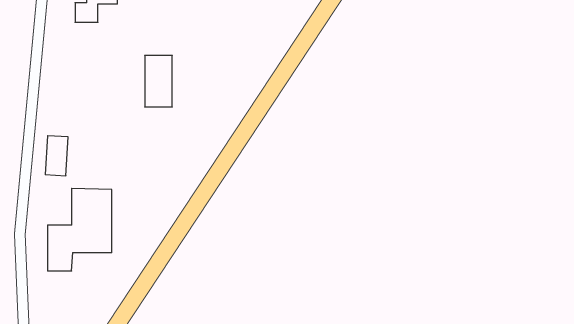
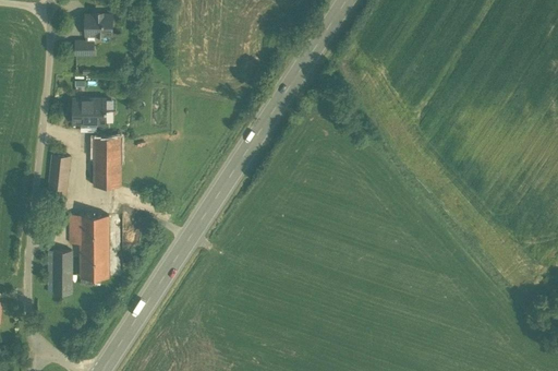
building: [145,55,172,107] -> [98,137,124,187]
building: none -> [68,99,100,122]

